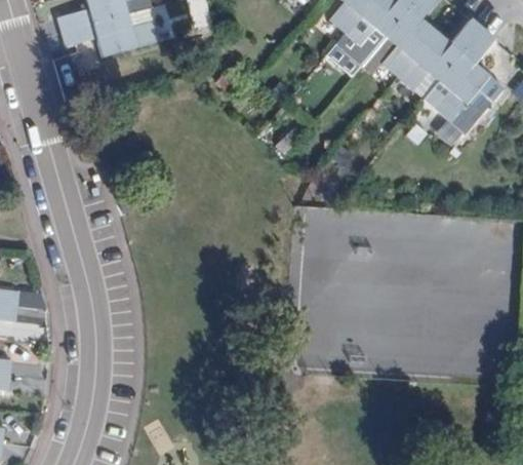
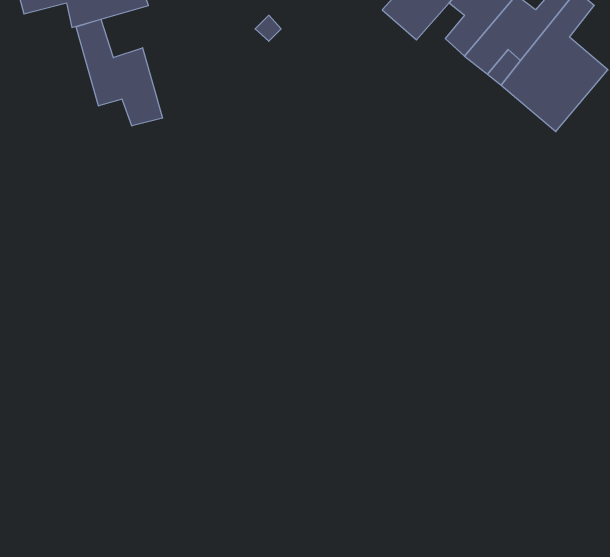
building: none -> [76,19,163,126]

